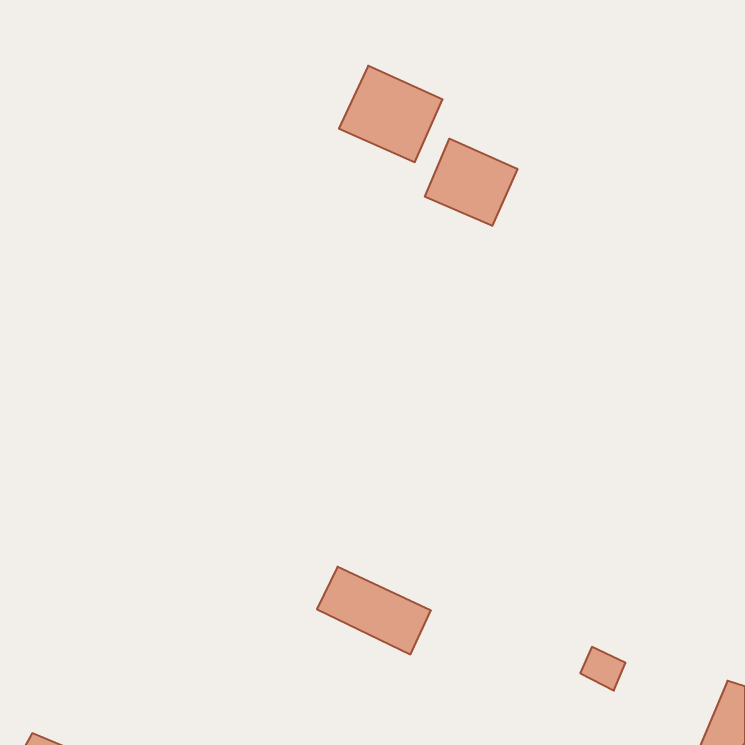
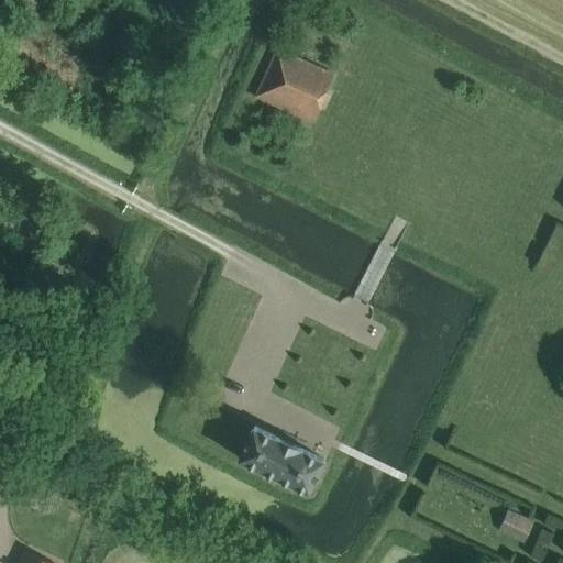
building: [425,139,517,226] -> none
building: [580,647,626,691] -> [498,510,532,543]

